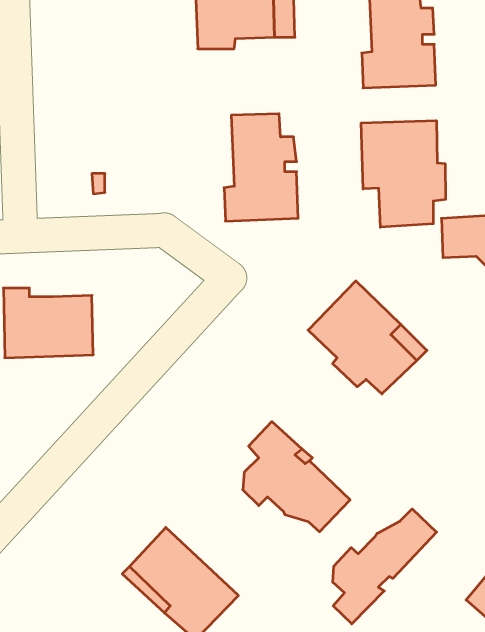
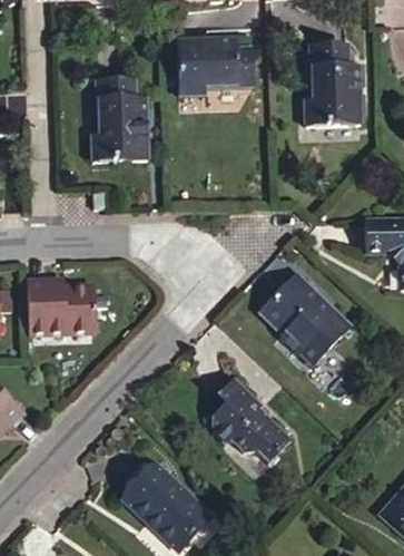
building: [224,114,298,221] -> [90,76,147,158]
building: [361,121,446,227] -> none
building: [333,509,437,624] -> none

